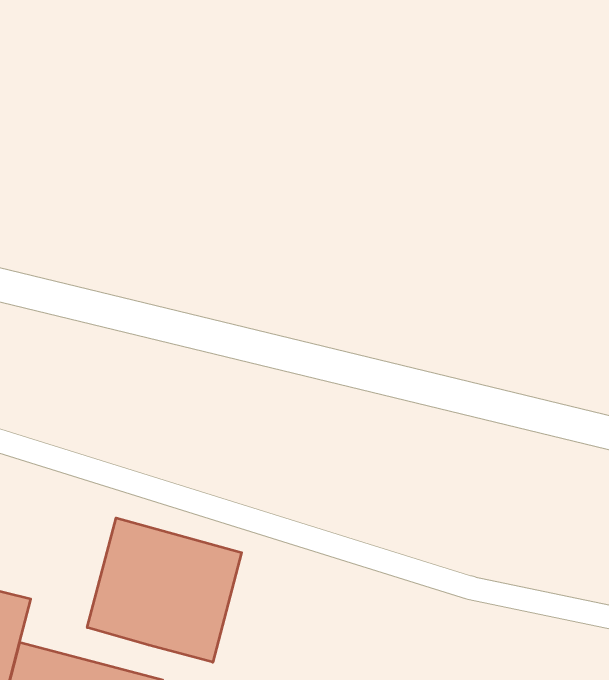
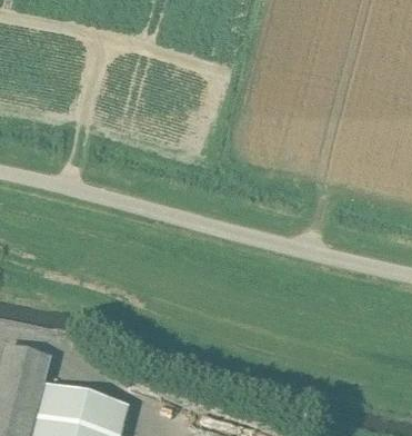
building: [87,518,242,662] -> none

